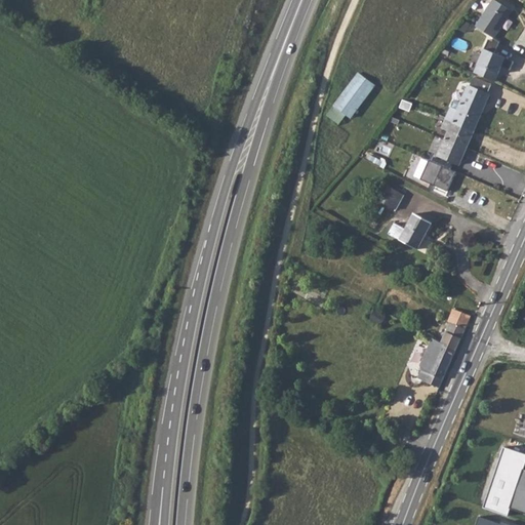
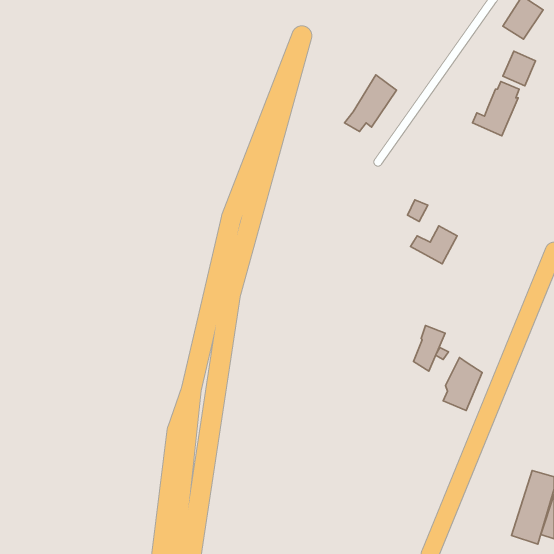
building: [437,116,474,164] -> none
building: [419,159,456,190] -> none
building: [441,309,471,352] -> [414,326,445,371]

